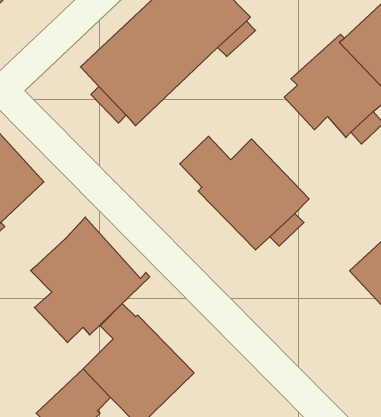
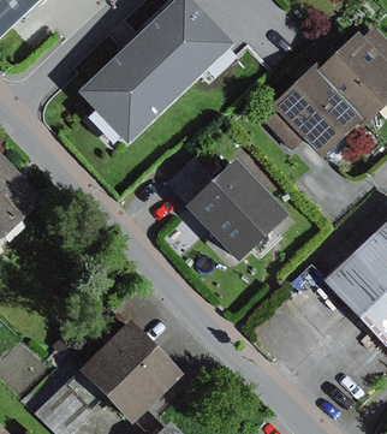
building: [31,217,150,343] -> none

